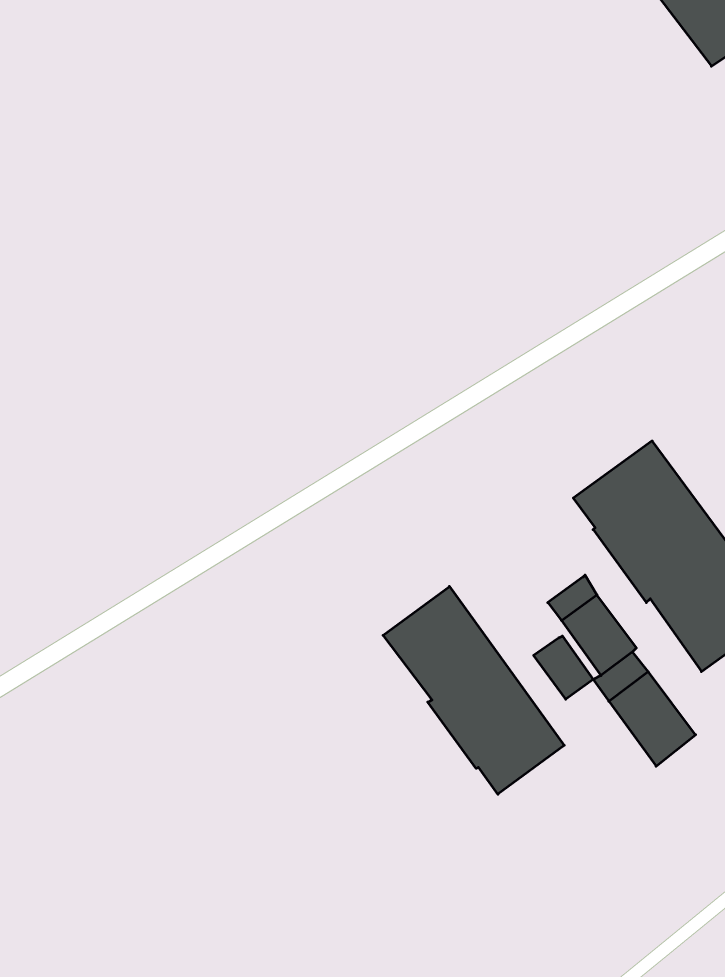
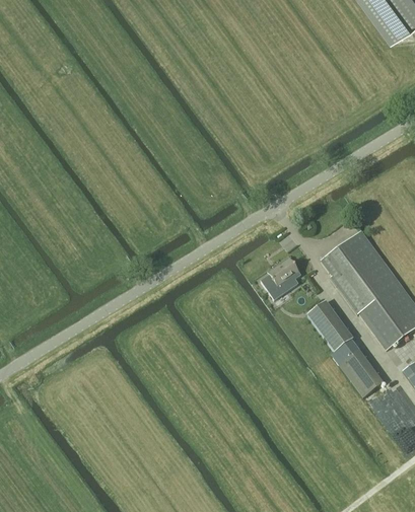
building: none -> [261,258,300,299]
building: [383,586,564,794] -> none
building: [534,636,593,699] -> none

